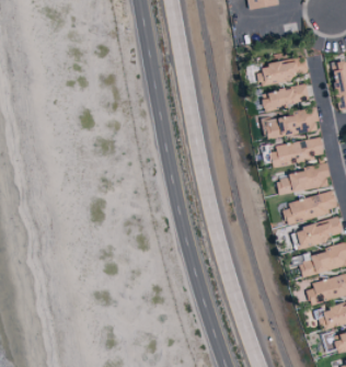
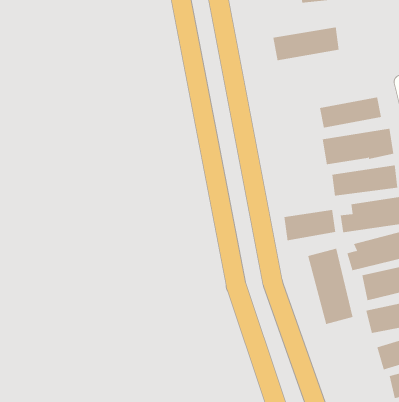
building: [254,58,308,85] -> [273,27,339,61]
building: none -> [284,209,336,241]
building: none -> [308,248,353,325]

